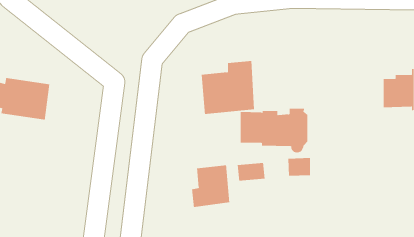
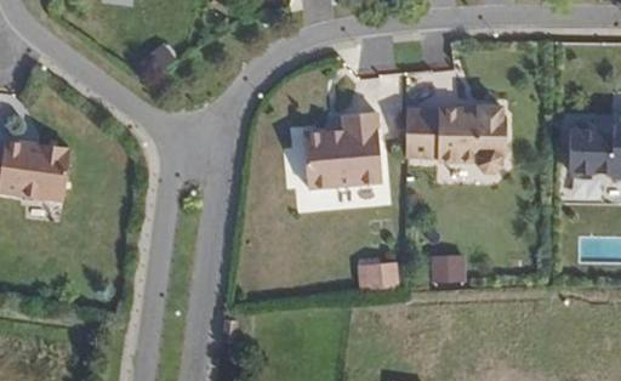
building: [240,108,308,153] -> [404,107,506,174]
building: [192,165,230,208] -> none

